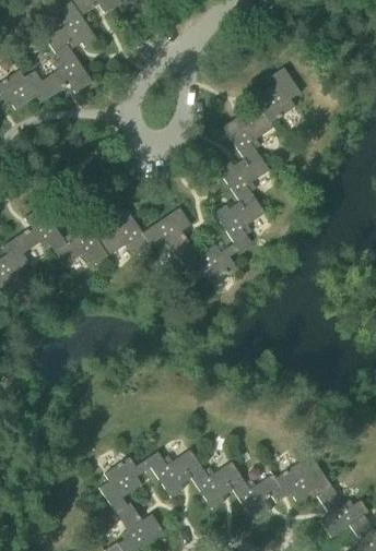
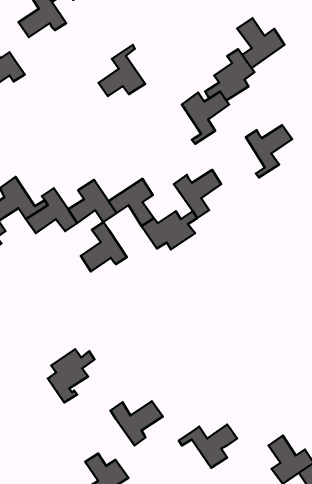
building: none -> [237,18,285,68]
building: [42,38,92,94] -> [99,45,145,96]
building: [219,155,269,212] -> [246,125,292,178]
building: none -> [81,222,127,272]
building: [99,456,150,514] -> [48,349,94,403]
building: [271,460,331,503] -> none
building: [178,464,236,510] -> none

